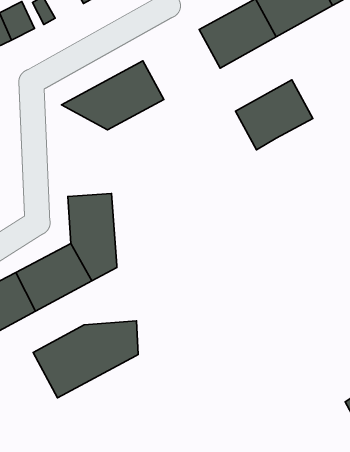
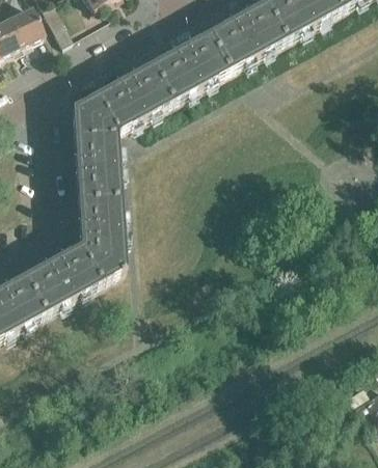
building: [236,80,313,150] -> [152,30,228,100]
building: none -> [71,105,120,196]
building: [33,321,138,398] -> none

